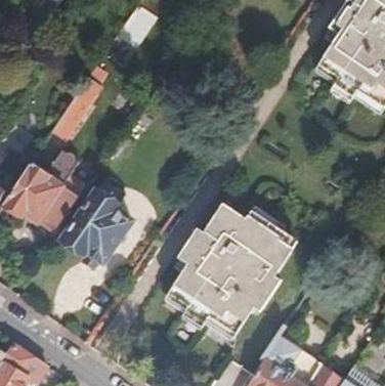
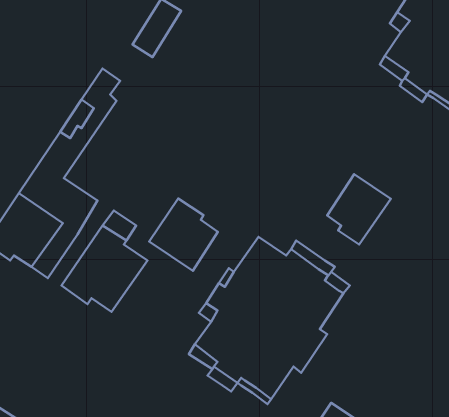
building: none -> [327,174,391,245]
building: none -> [149,199,218,271]

